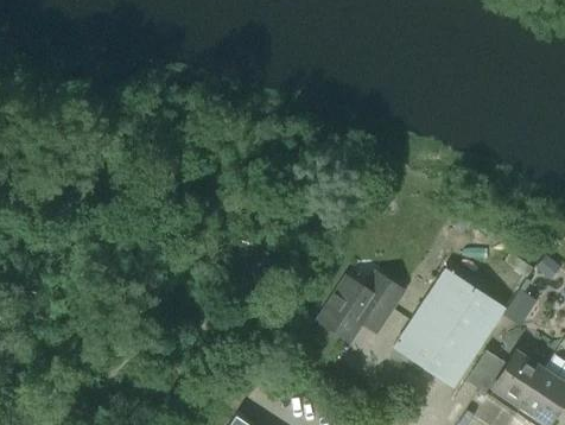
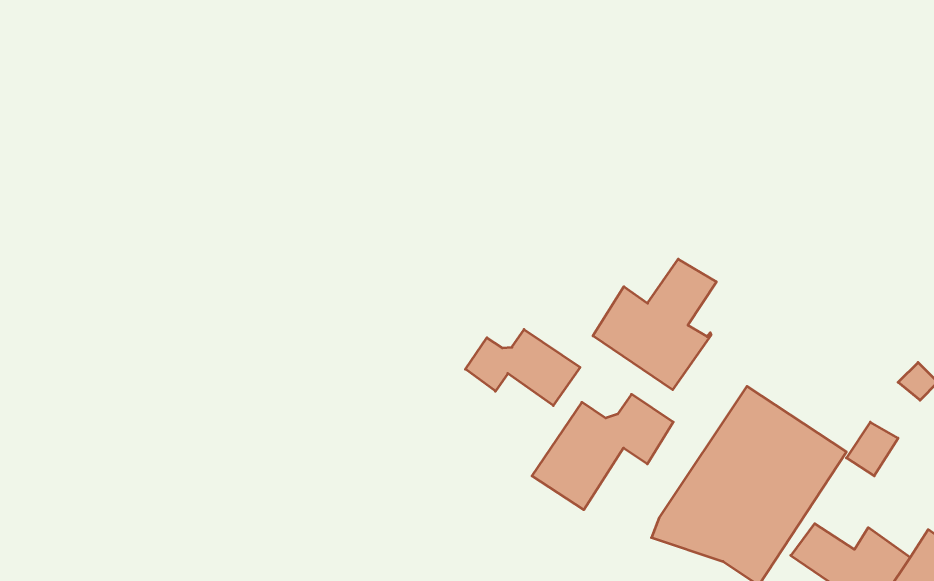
building: none -> [593,259,716,390]
building: none -> [465,329,580,406]

